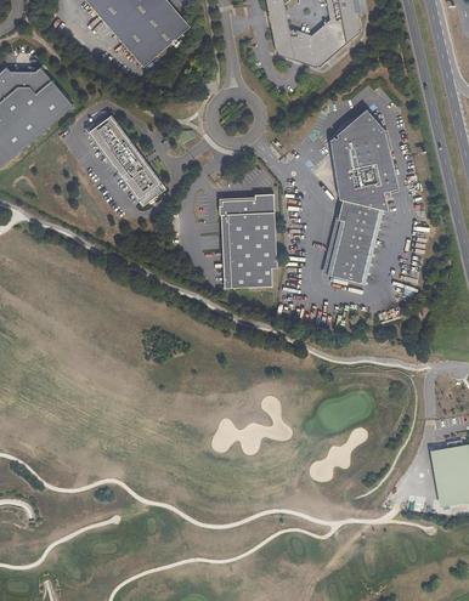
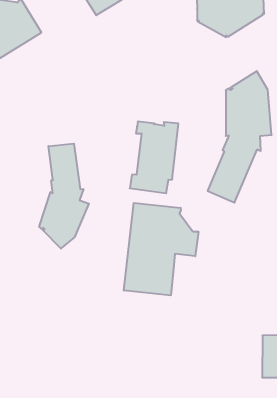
building: [86,113,165,206] -> none
building: none -> [39,144,89,249]
building: none -> [124,203,198,295]

